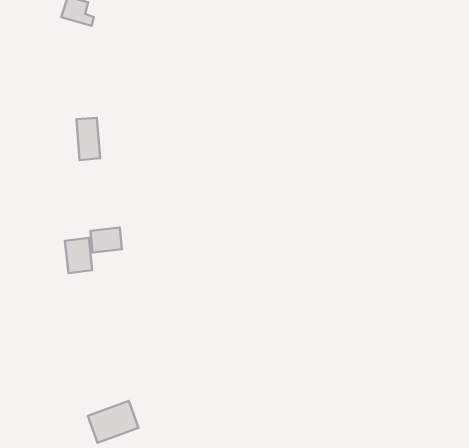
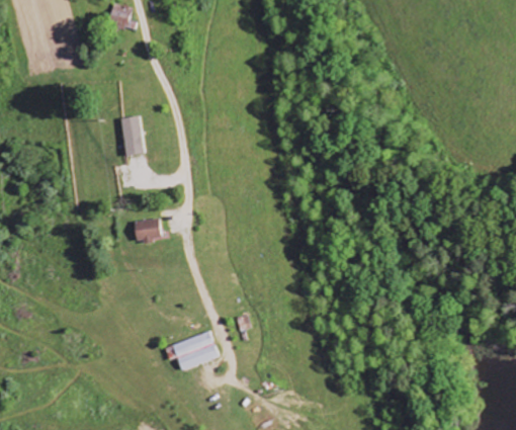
building: [65,238,92,273] -> none
building: [88,401,139,443] -> [170,331,218,370]

